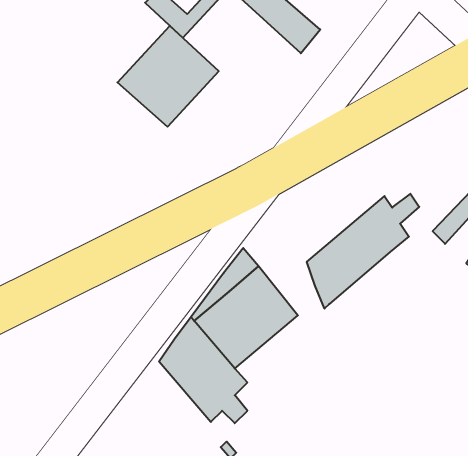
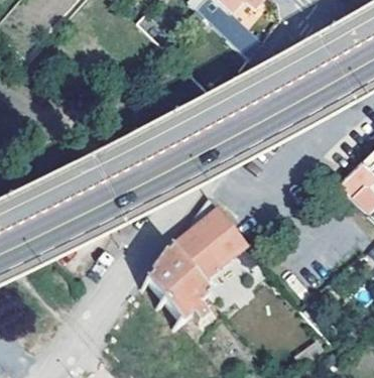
building: [117,26,219,127] -> none
building: [307,194,419,309] -> none

